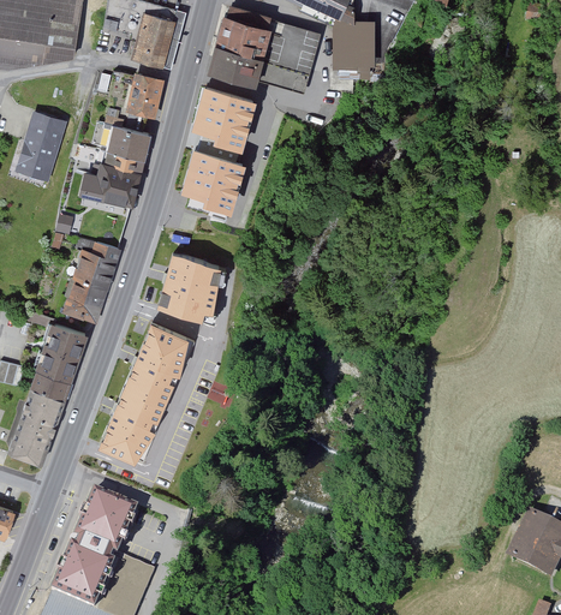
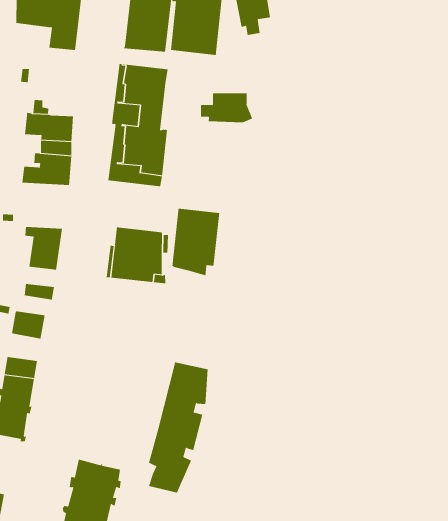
building: [131,77,162,115] -> none
building: none -> [200,92,253,123]
building: none -> [172,208,220,276]
building: [71,281,106,306] -> none
building: [106,326,187,461] -> [148,362,208,493]
building: [40,347,78,380] -> none

